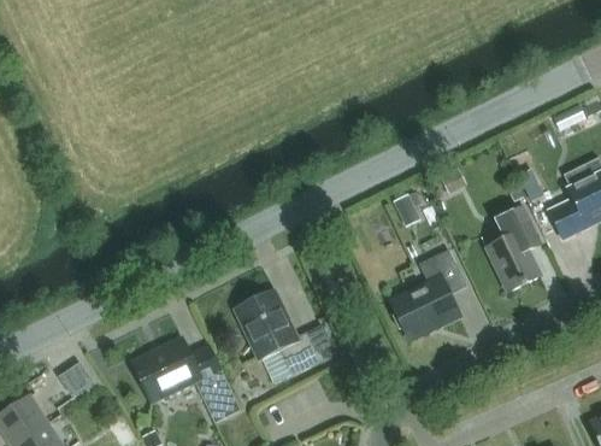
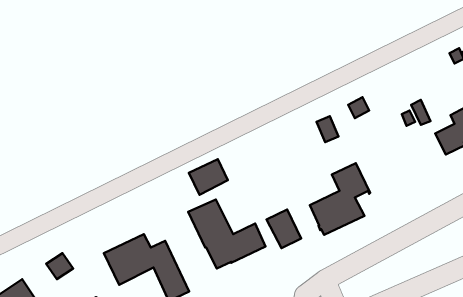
building: [487,207,542,292] -> none
building: none -> [189,159,228,195]
building: none -> [267,210,301,248]

